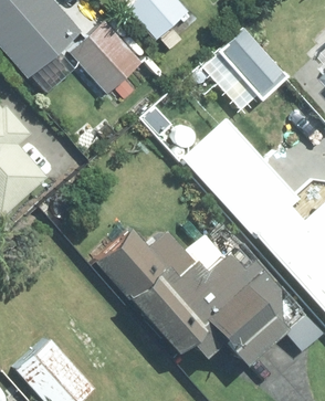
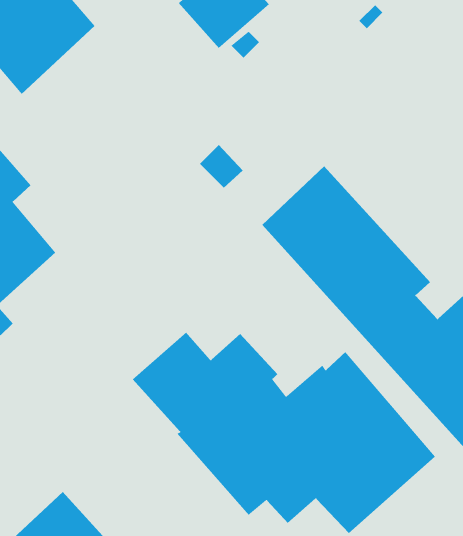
building: [71,21,143,94] -> none
building: [200,27,285,108] -> none

